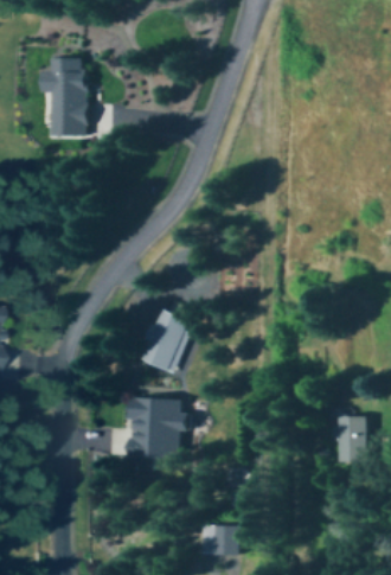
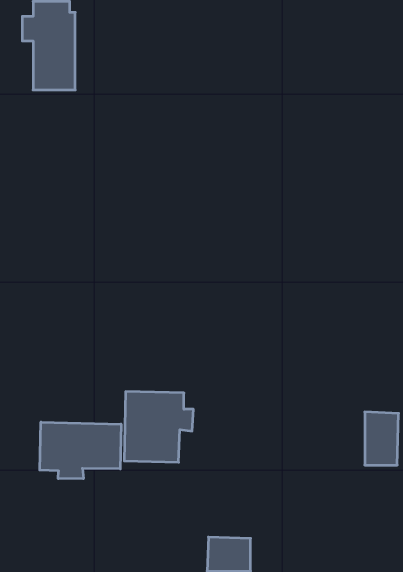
building: [136,307,191,371] -> none
building: none -> [40,422,121,479]

